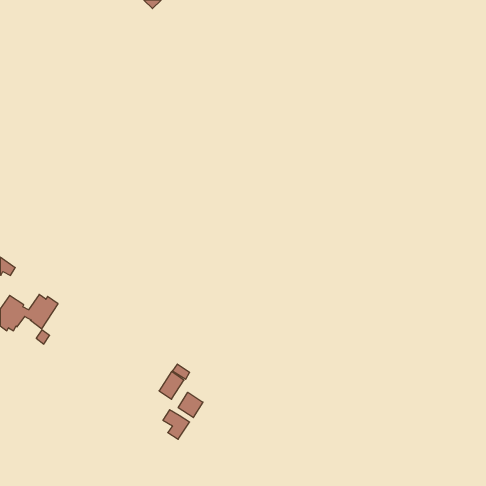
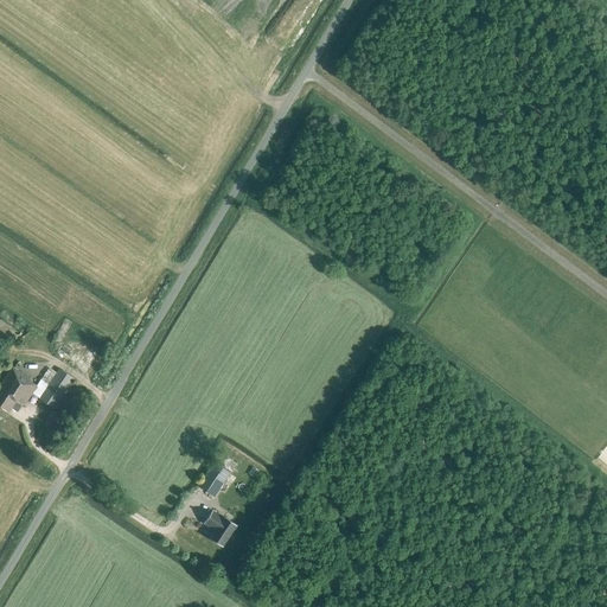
building: [178,392,203,418] -> none

